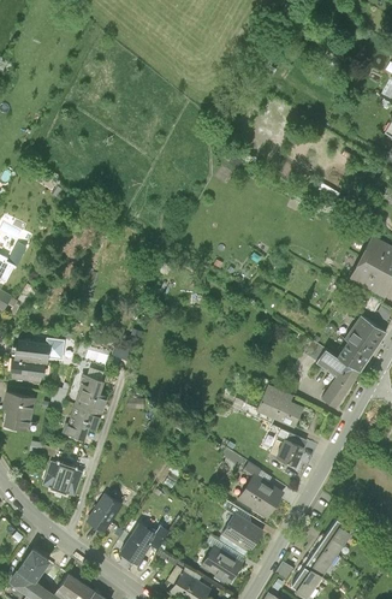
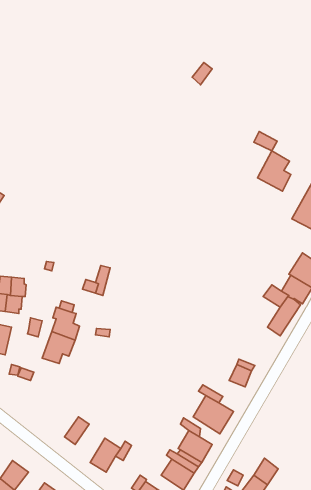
building: none -> [257,151,291,191]
building: [257,386,301,426] -> none
building: [43,463,82,496] -> none
building: [317,518,350,559] -> none

